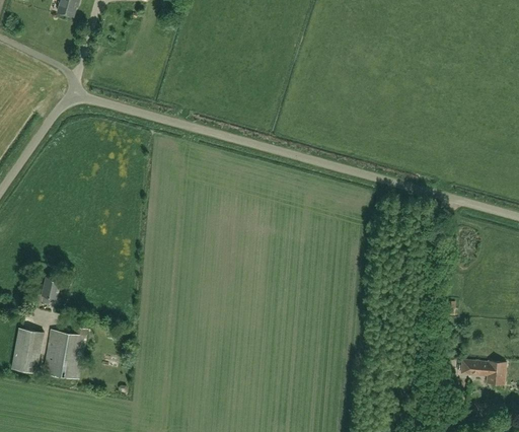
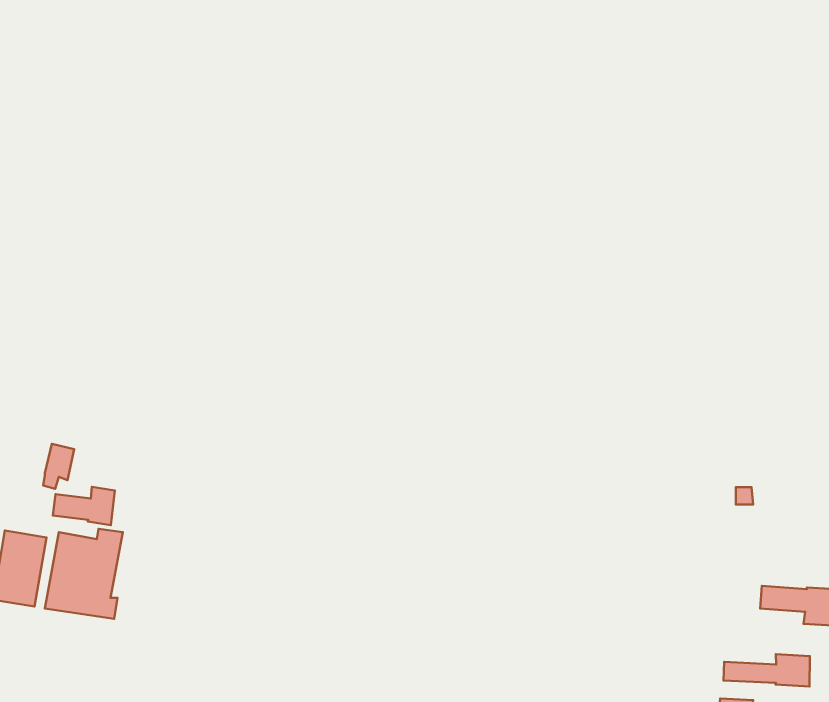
building: none -> [53,487,115,525]
building: none -> [724,654,810,686]

